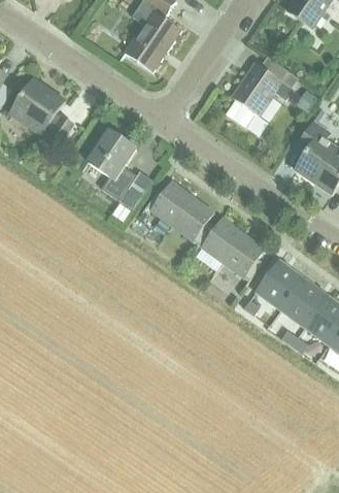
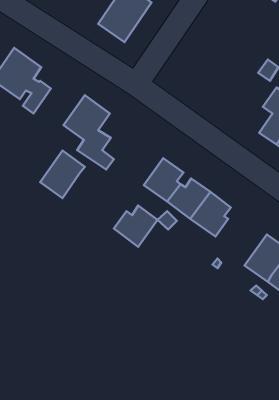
building: [226,63,292,127] -> none
building: [146,180,193,225] -> [114,205,157,247]
building: none -> [40,151,85,198]
building: [255,260,303,310] -> none

